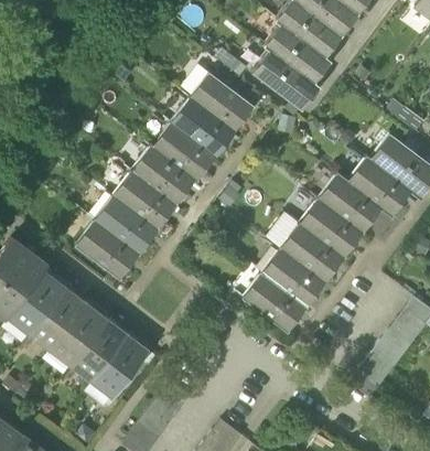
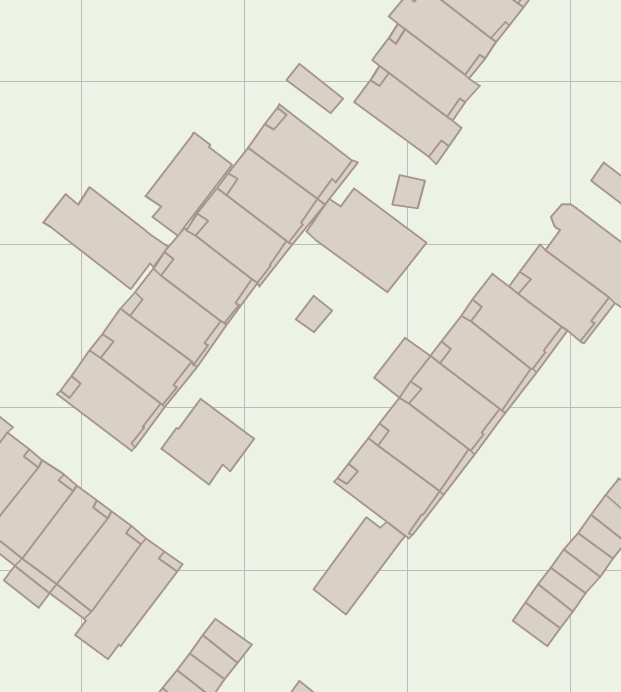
building: none -> [145,133,232,236]
building: none -> [43,187,168,289]
building: none -> [306,188,426,292]
building: none -> [161,399,254,485]
building: none -> [314,517,405,614]

